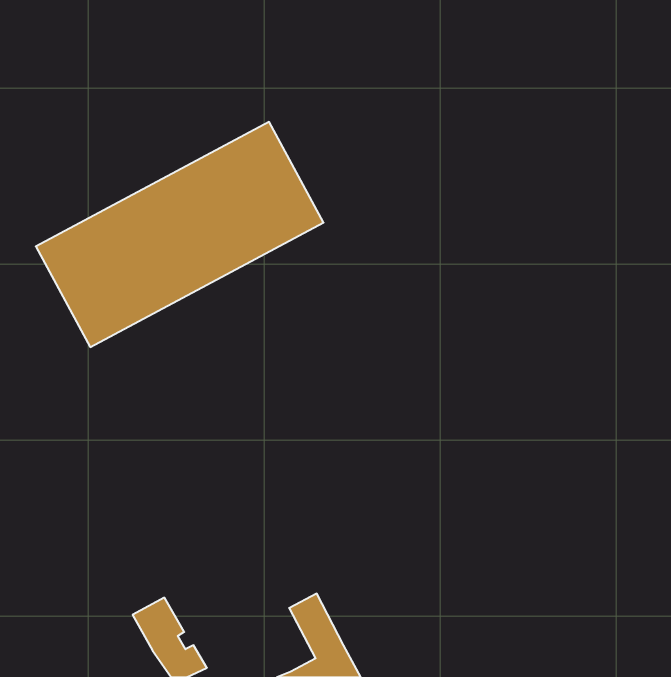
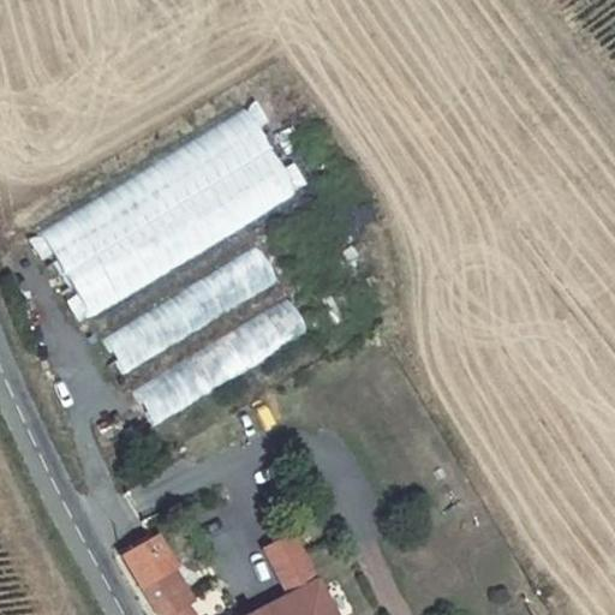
building: none -> [103,251,280,366]
building: none -> [135,298,310,423]

